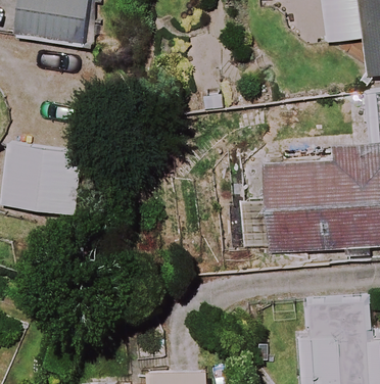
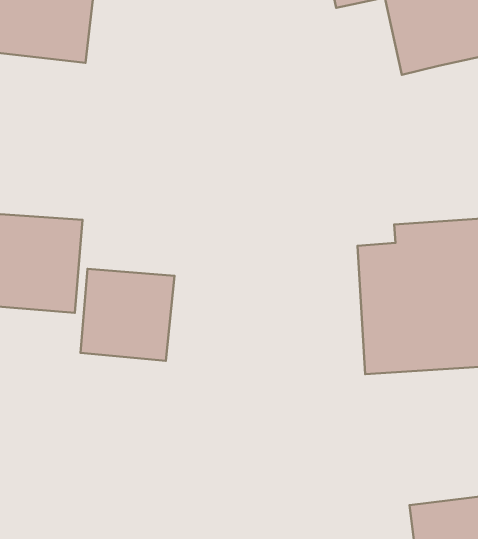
building: none -> [81,269,174,361]

